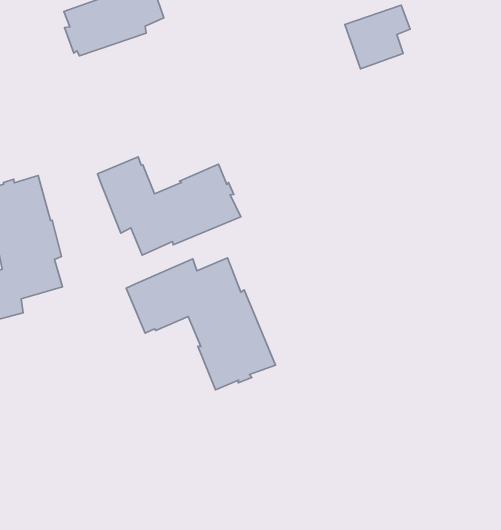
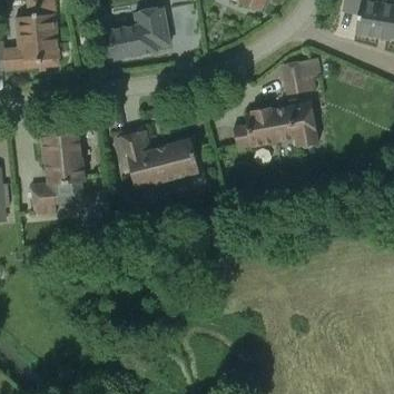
building: none -> [232,98,316,148]
building: [126,258,276,390] -> none

